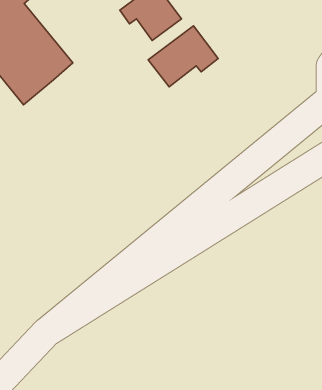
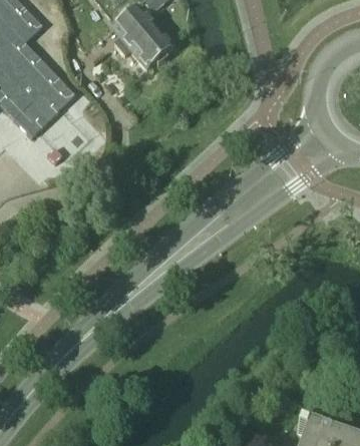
building: [148,26,218,87] -> none

